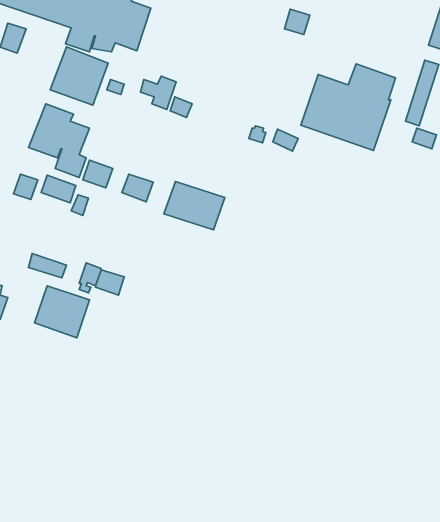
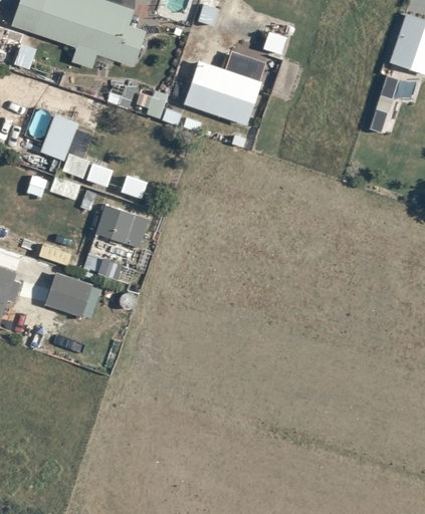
building: [50,47,108,105] -> none
building: [301,64,395,150] -> [183,50,265,125]
building: [164,181,225,230] -> [95,205,149,247]

